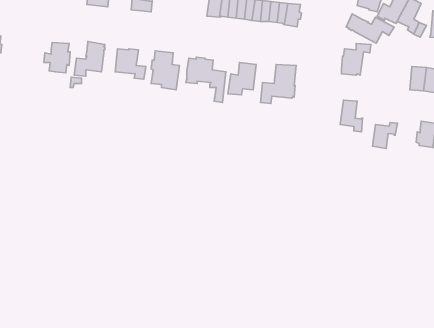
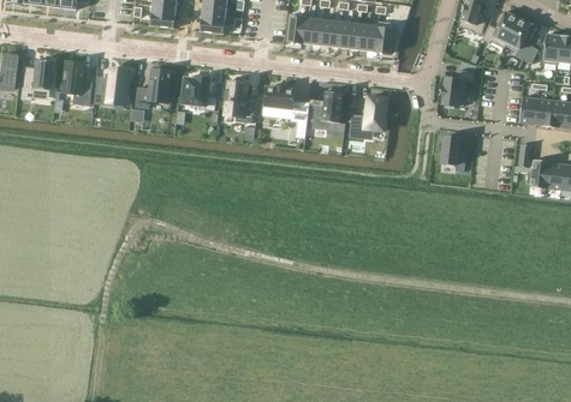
building: [346,14,394,43] -> none
building: none -> [61,60,93,104]
building: [373,122,398,148] -> none

